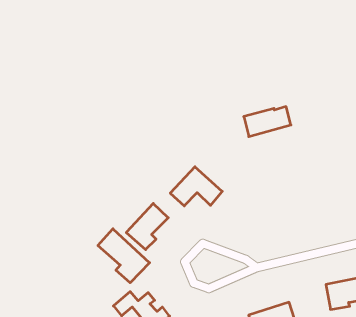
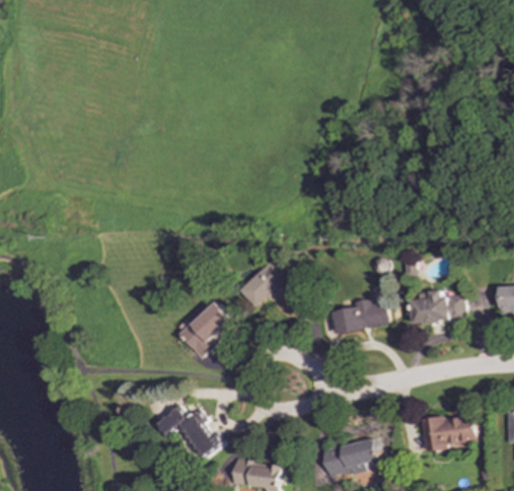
building: [244,107,291,137] -> [331,300,388,334]
building: none -> [411,290,462,323]
building: [98,229,150,283] -> none

